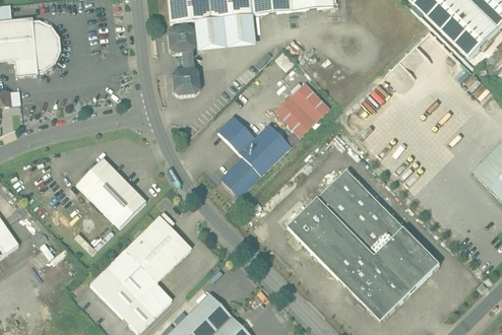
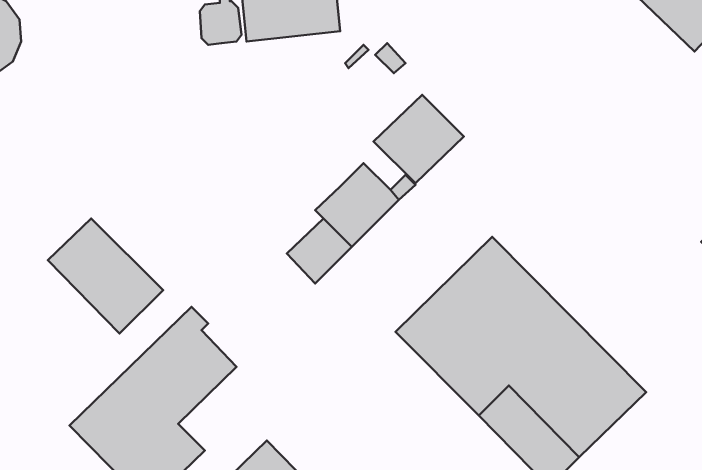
building: [173,51,198,95] -> none
building: [217,117,254,153] -> none

